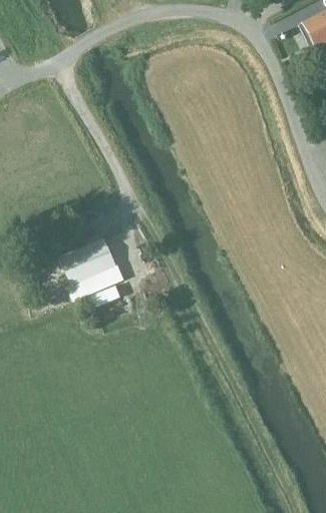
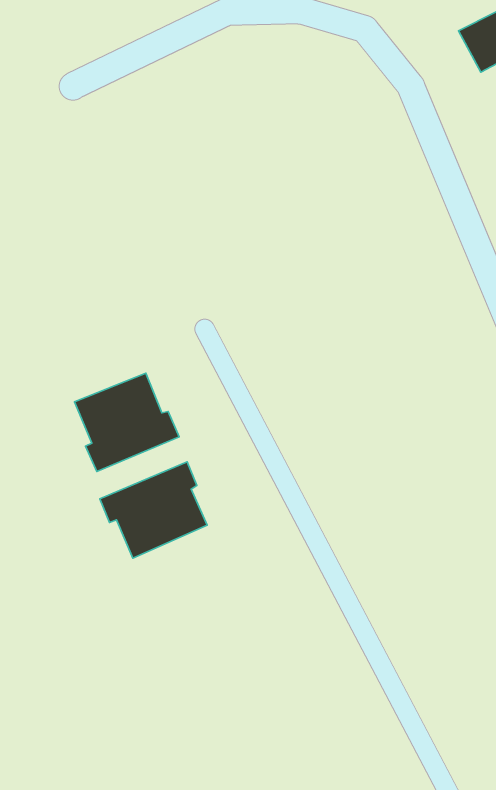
building: none -> [100,462,207,558]

